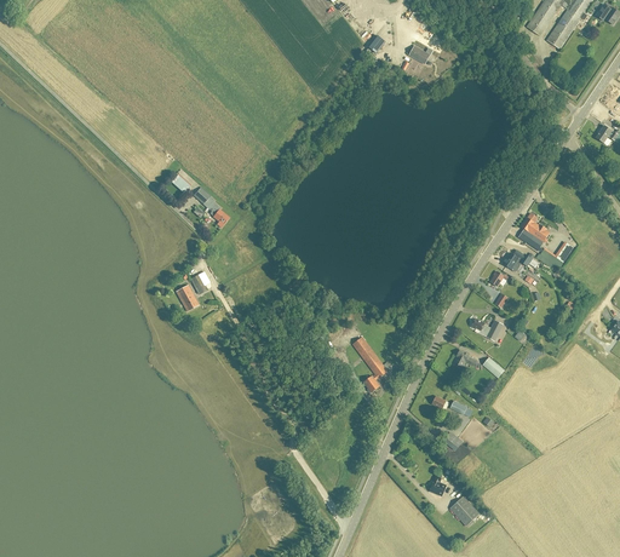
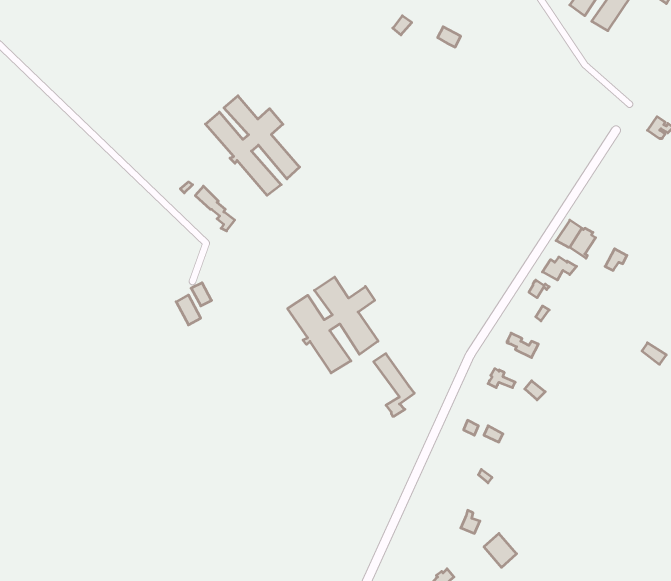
building: none -> [205,96,300,195]
building: none -> [288,277,378,373]

